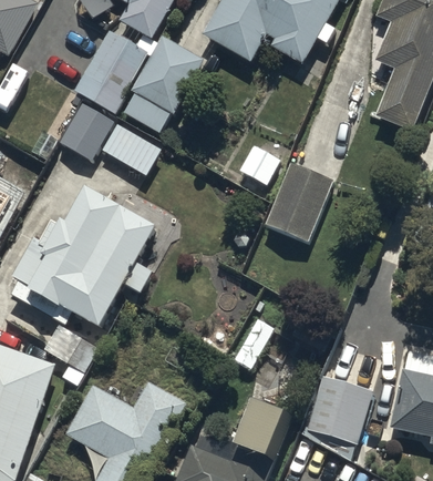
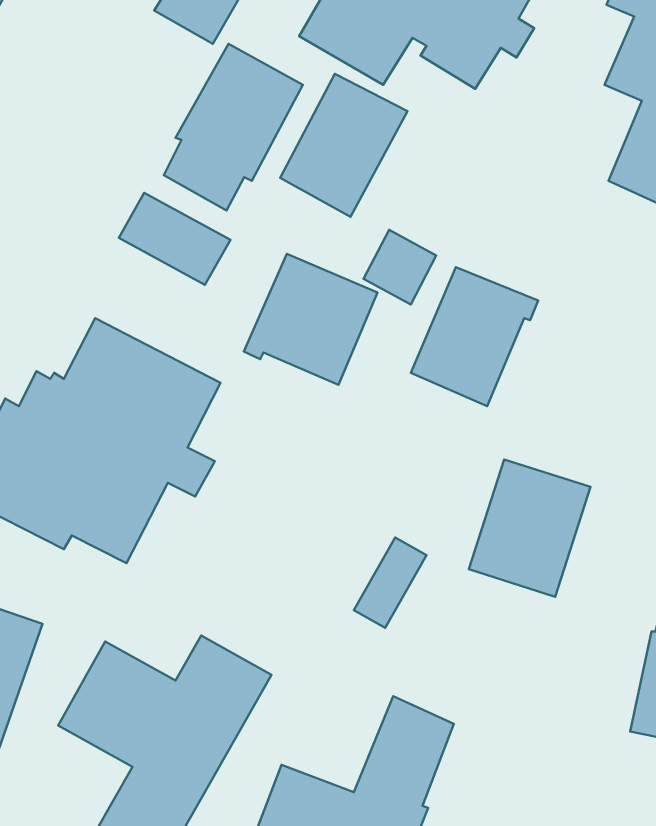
building: [75,31,147,112] -> [280,74,407,217]
building: [60,100,114,157] -> none
building: none -> [244,254,377,385]
building: [302,375,371,452] -> [469,460,590,597]

